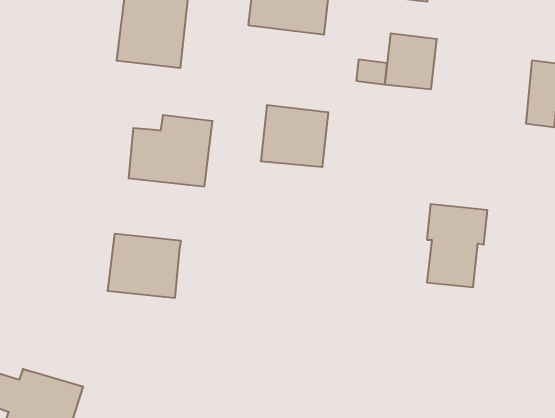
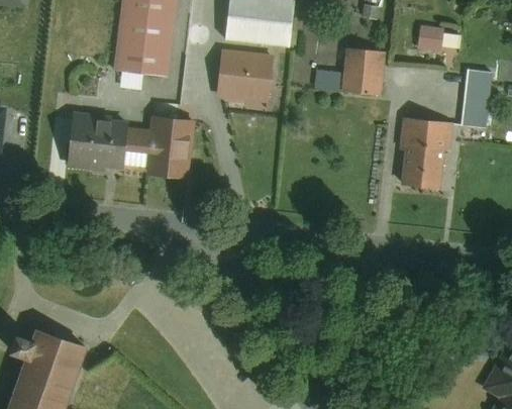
building: none -> [417,25,443,50]
building: [261,105,328,167] -> [216,49,274,102]
building: [427,204,487,287] -> [401,118,452,189]
building: [107,234,181,298] -> [66,116,128,171]

